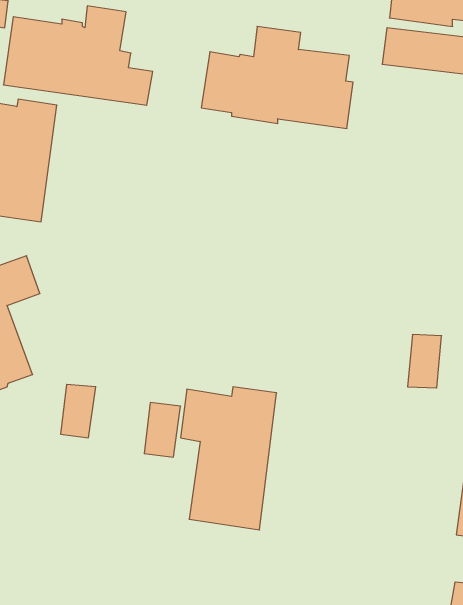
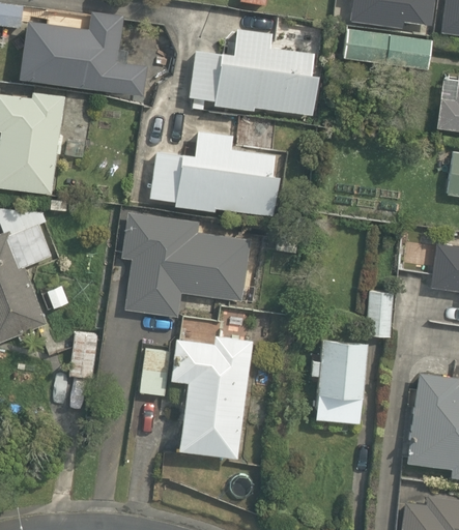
building: none -> [149,130,279,215]
building: none -> [121,211,251,318]
building: none -> [311,338,368,423]

